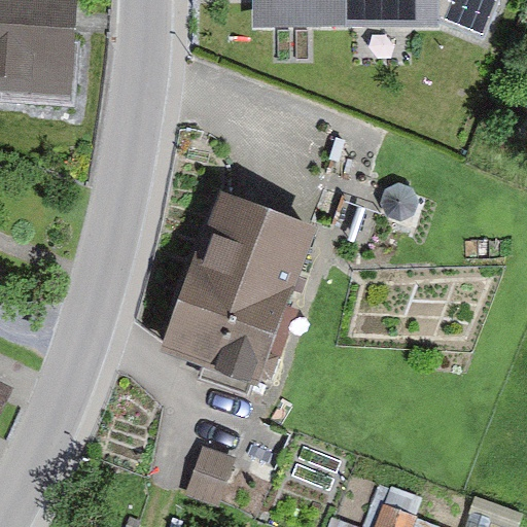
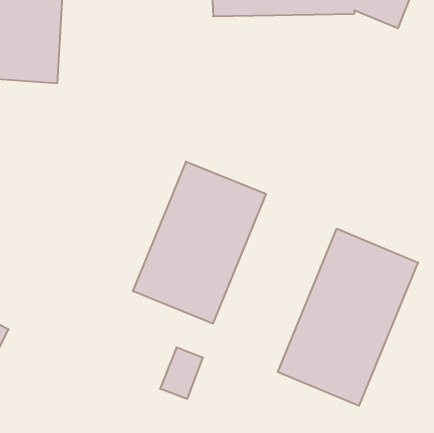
building: none -> [278,229,418,406]

